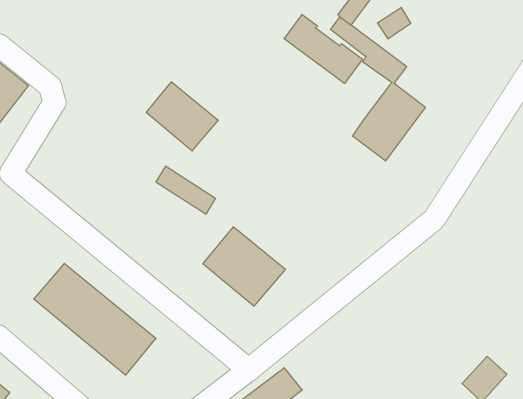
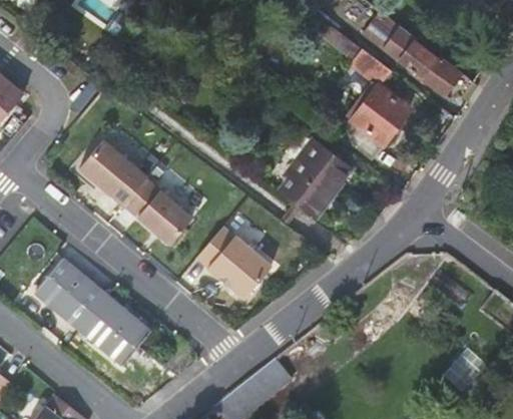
building: [284,15,362,83] -> [386,29,461,95]
building: [146,82,218,151] -> [79,140,148,206]
building: none -> [282,133,350,217]
building: none -> [137,190,192,245]

